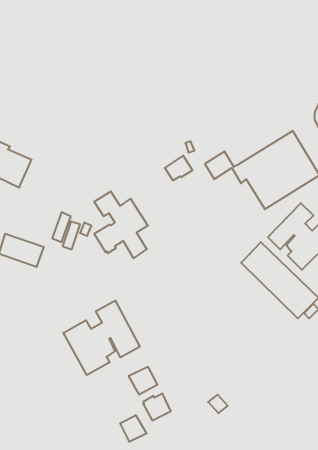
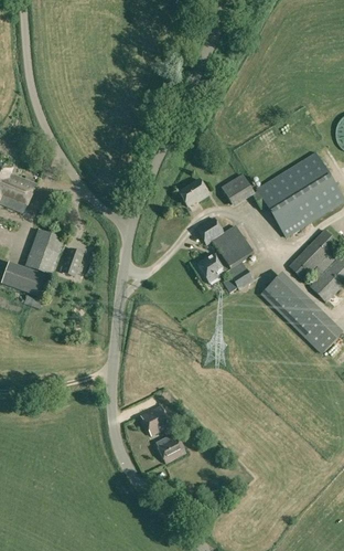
building: [94,191,148,258] -> [195,216,252,288]
building: none -> [24,227,63,274]
building: [63,300,140,375] -> none
building: [120,415,146,442] -> none

